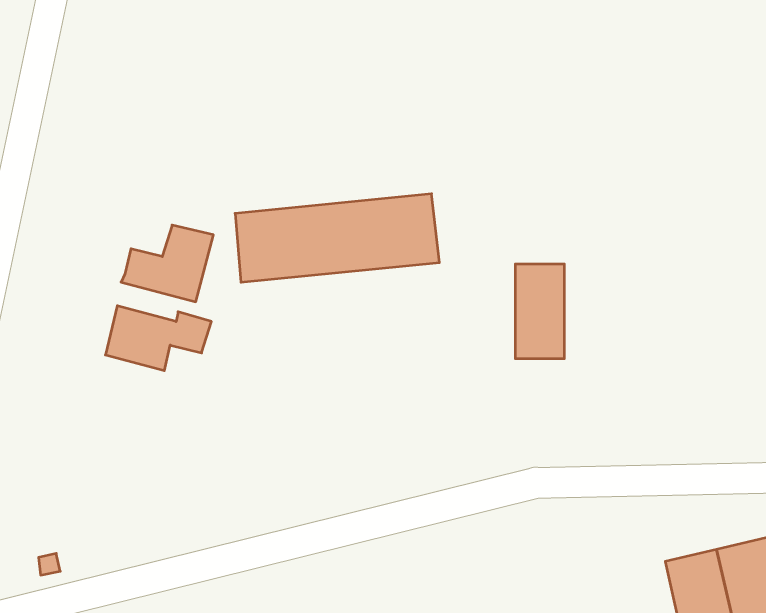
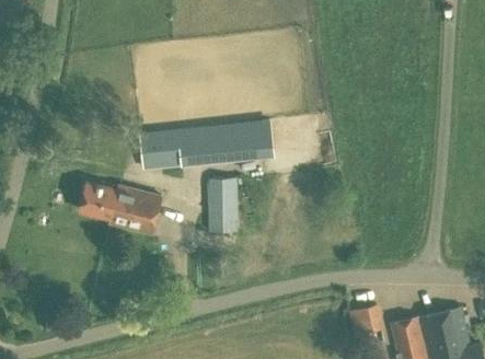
building: [121,225,213,302] -> [109,190,161,233]
building: [515,264,564,359] -> [208,178,235,231]
building: none -> [348,305,382,334]

